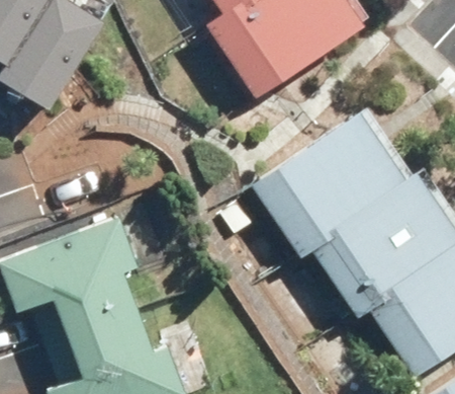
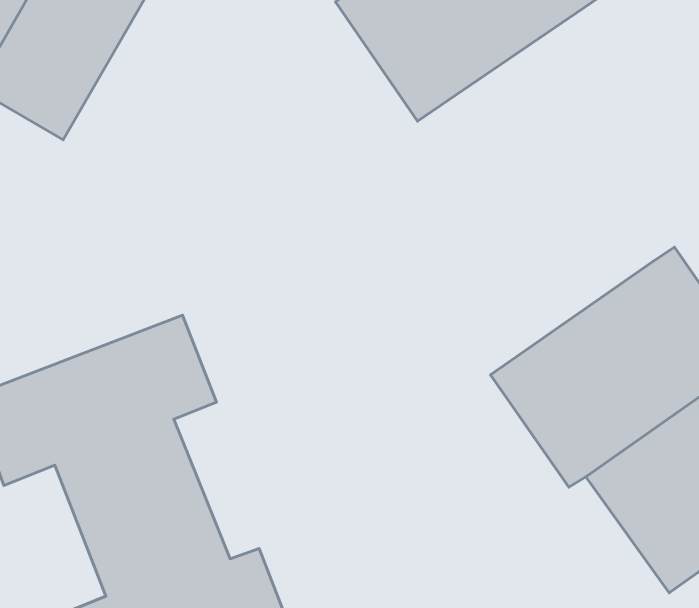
building: [247,109,403,254] -> none

